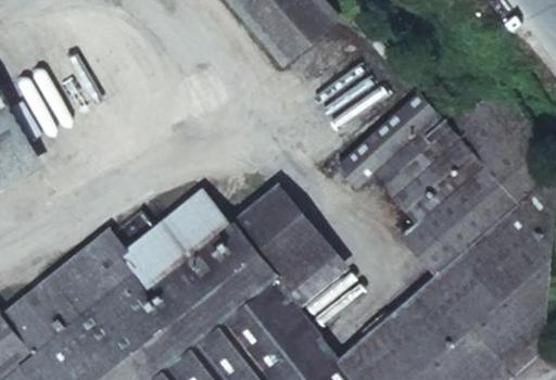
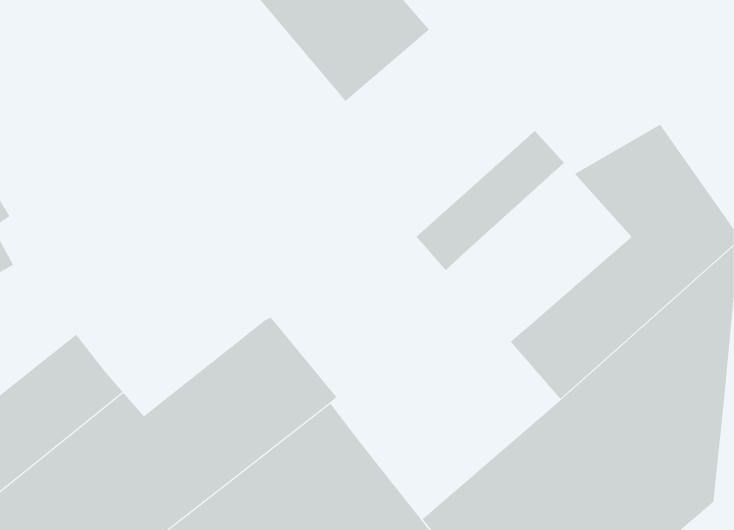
building: [370,115,482,225] -> none
building: [233,185,348,309] -> none
building: [99,188,229,290] -> none

